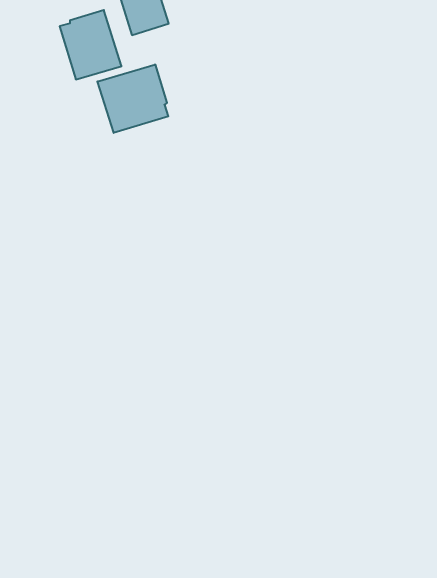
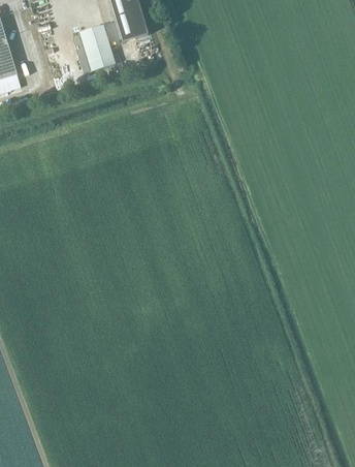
building: [97,64,168,133] -> none

